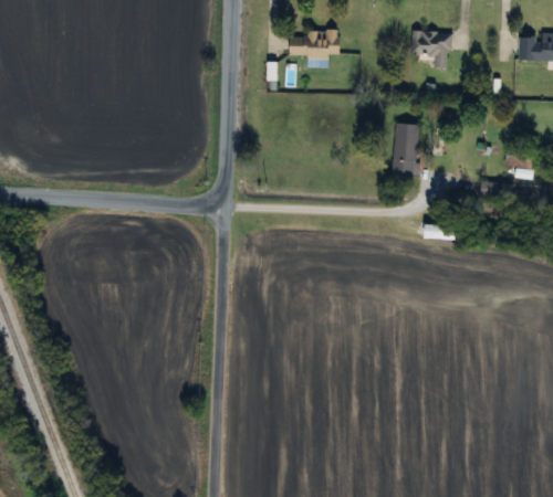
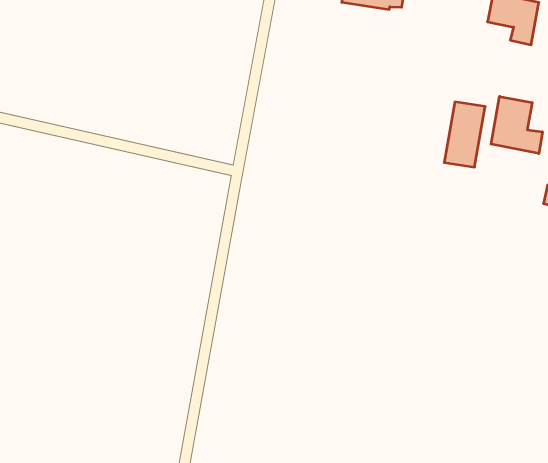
building: none -> [491,96,542,154]

